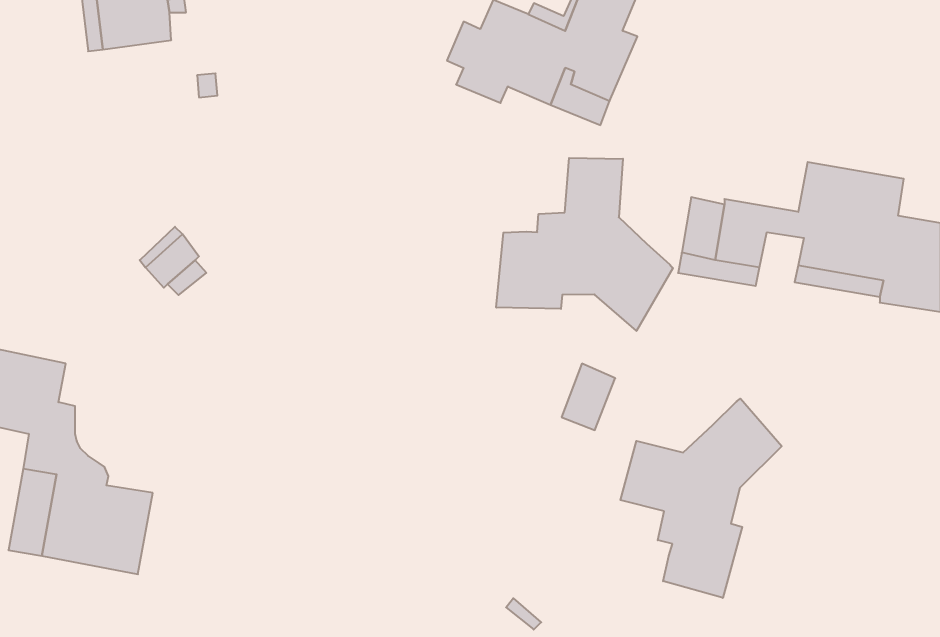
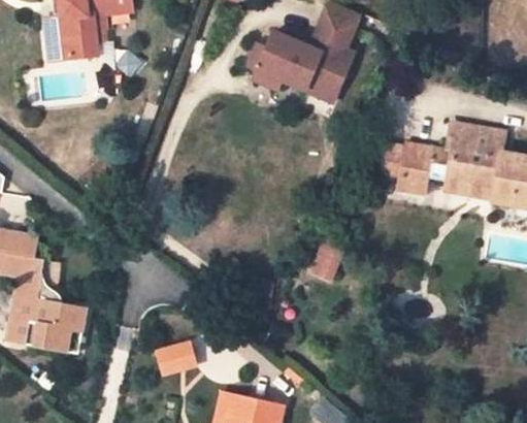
building: [496,158,673,331] -> none
building: [620,399,782,598] -> none
building: none -> [159,341,198,376]

